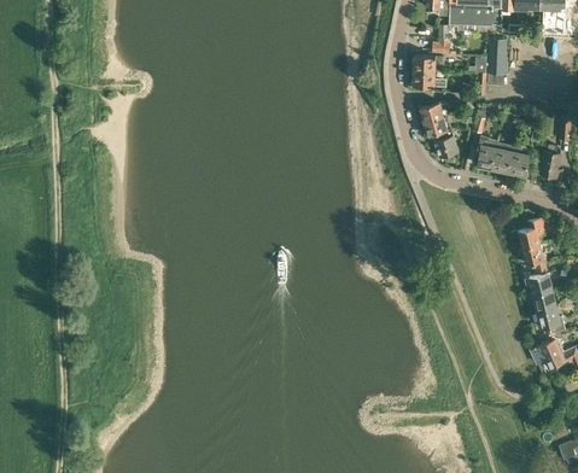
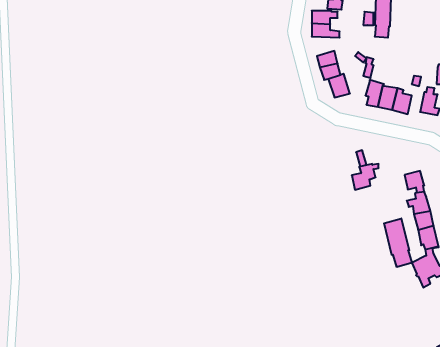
building: [519,217,550,247] -> [352,164,379,190]
building: none -> [384,218,412,267]

